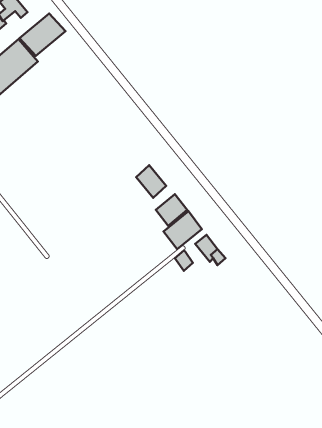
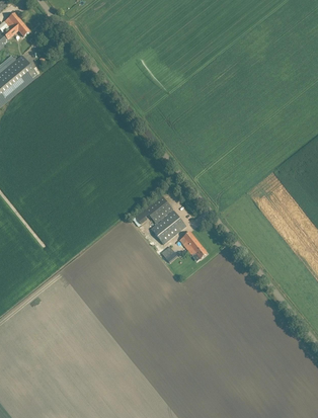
building: [20,13,65,56] -> none
building: [136,165,166,198] -> none

